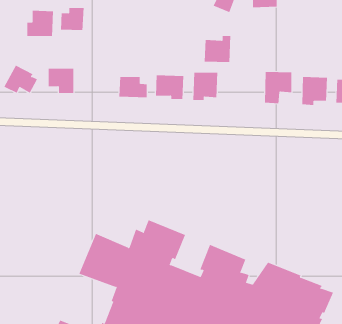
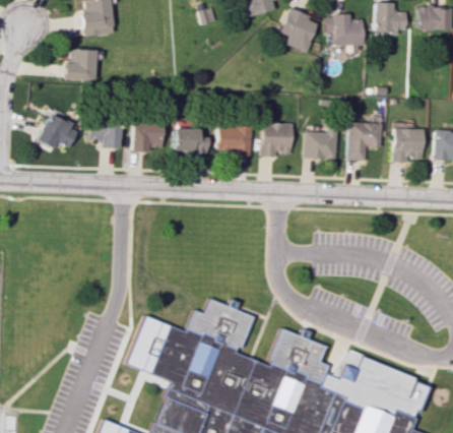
building: [61,7,84,31] -> none
building: [204,35,231,63] -> [306,126,338,159]
building: none -> [133,121,165,151]

